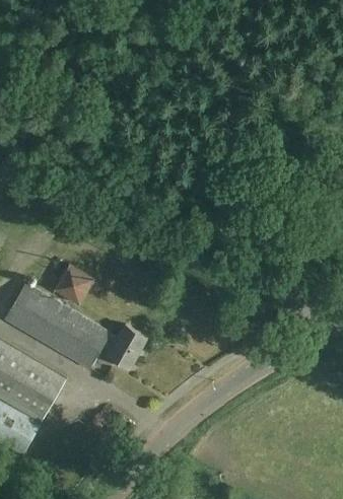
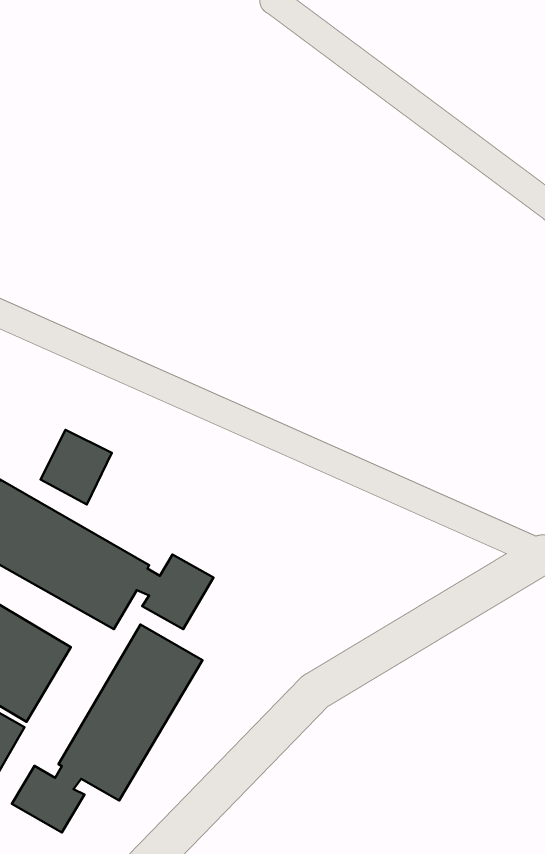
building: none -> [12,625,202,833]

